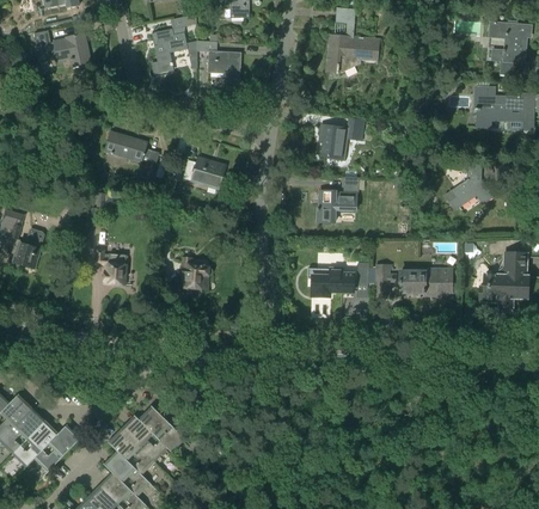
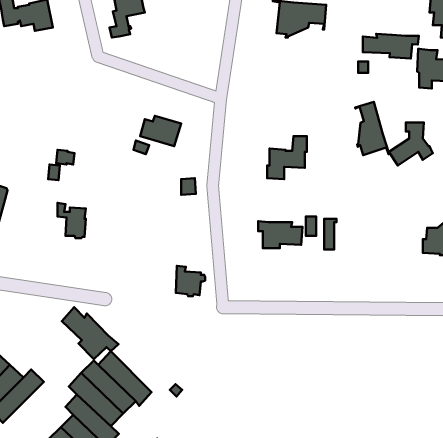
building: [197,41,240,91] -> none
building: none -> [363,34,419,59]
building: [319,117,363,158] -> none
building: [104,130,159,170] -> none
building: none -> [355,102,389,155]
building: [182,257,213,289] -> [176,266,205,296]
building: [399,269,451,300] -> none
building: none -> [62,307,118,359]

